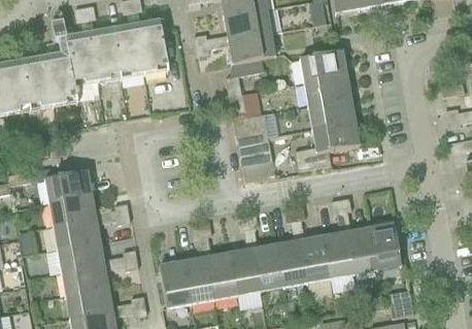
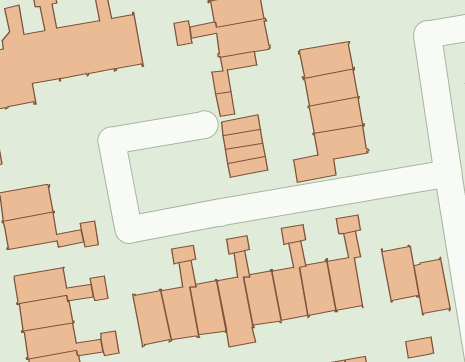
building: [55,219,101,249] -> none
building: [346,226,377,274] -> [414,257,450,315]

